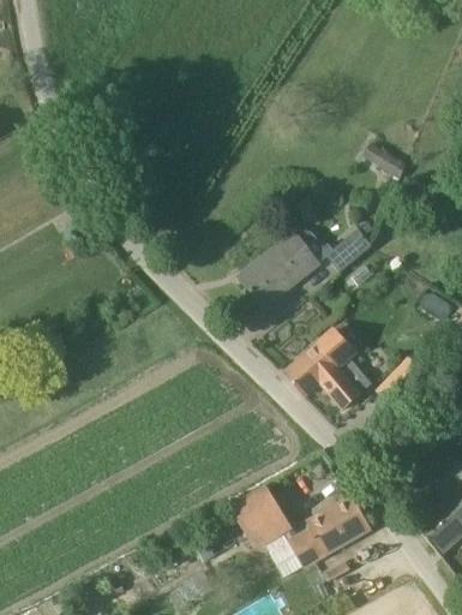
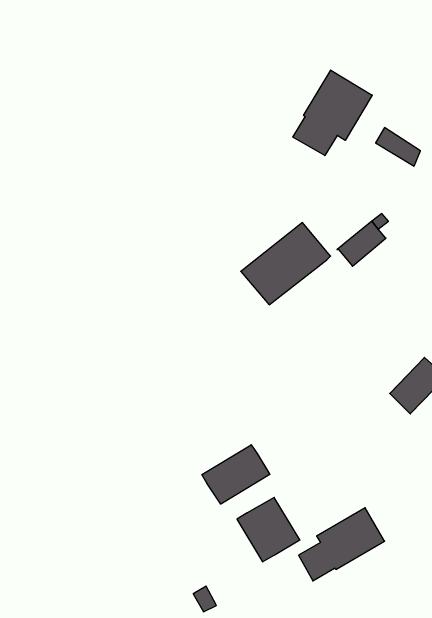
building: none -> [293,70,372,156]
building: [287,329,361,408] -> none
building: none -> [202,445,270,504]

